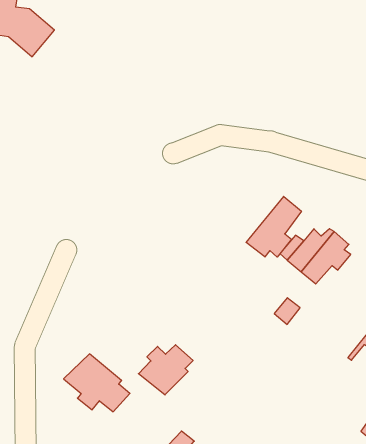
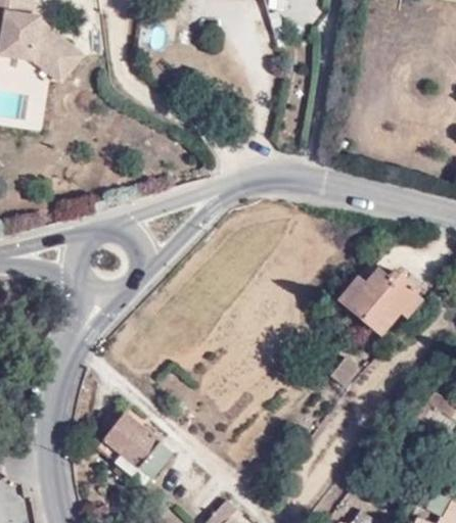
building: [246,196,301,257] -> none
building: [138,345,193,395] -> none

